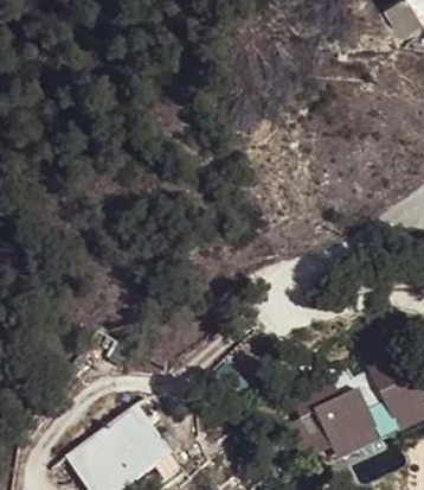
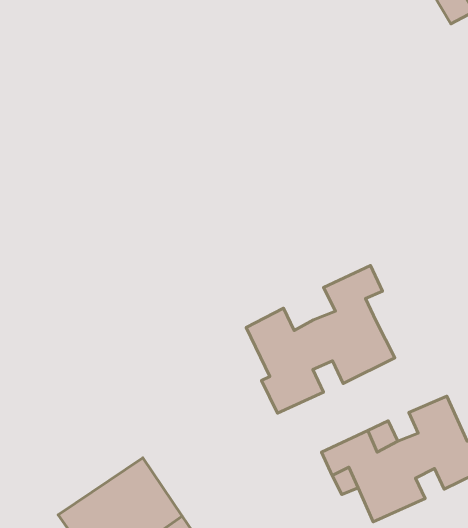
building: none -> [246,265,395,413]

